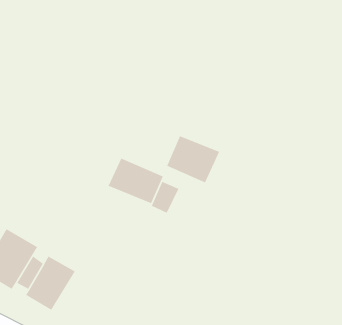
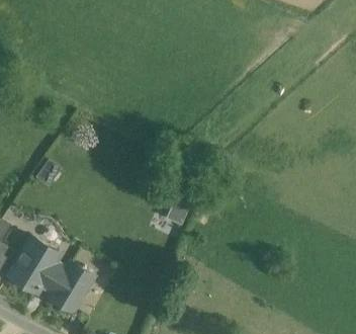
building: [166,135,220,183] -> none
building: [108,157,164,204] -> none

